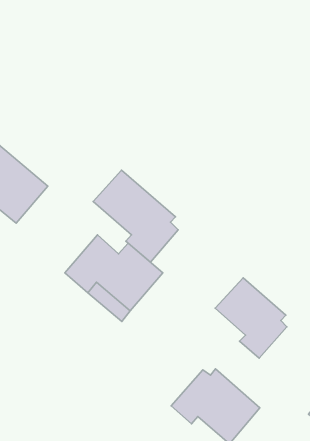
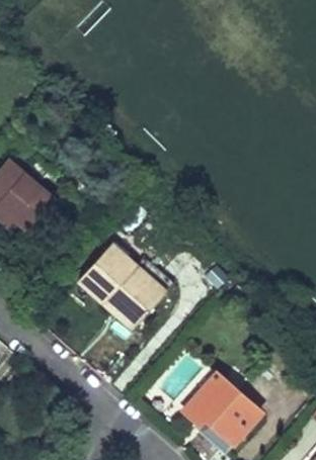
building: [93,170,178,262] -> none
building: [215,278,287,358] -> none

